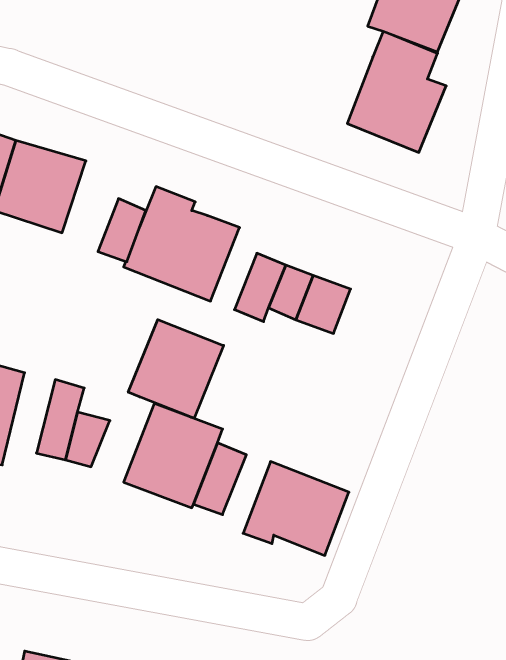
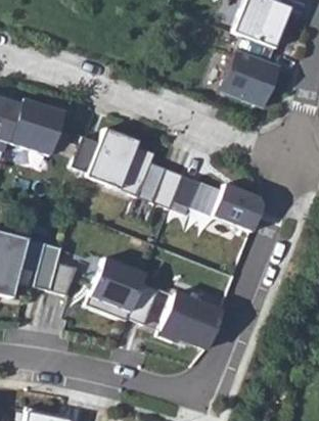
building: none -> [213,183,263,231]
building: [128,320,224,418] -> none

